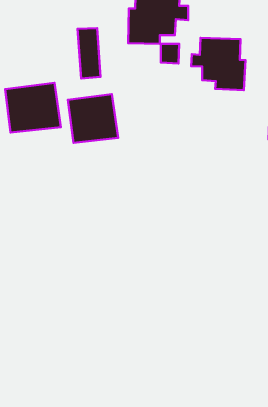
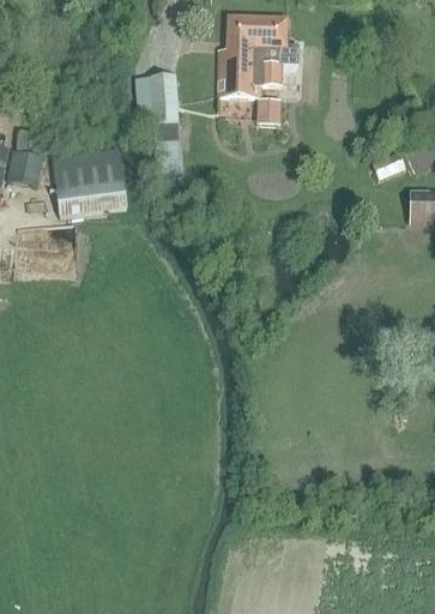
building: [191,38,245,90] -> none
building: [68,94,118,143] -> none

